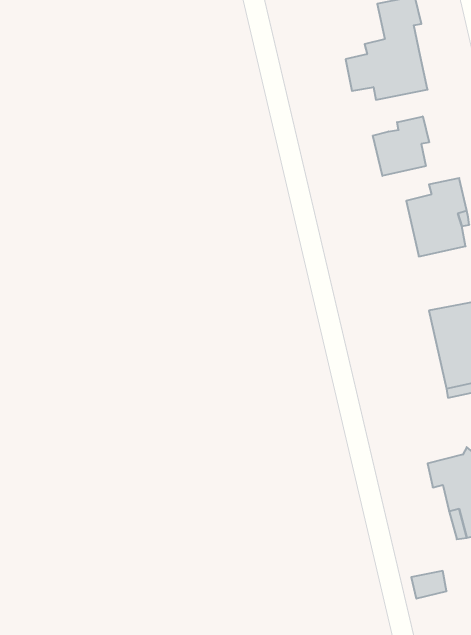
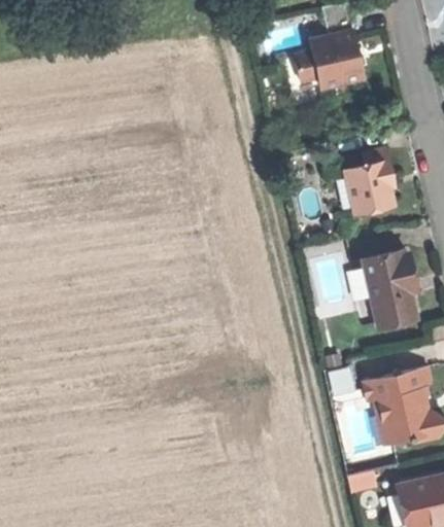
building: [373,116,429,176] -> none

